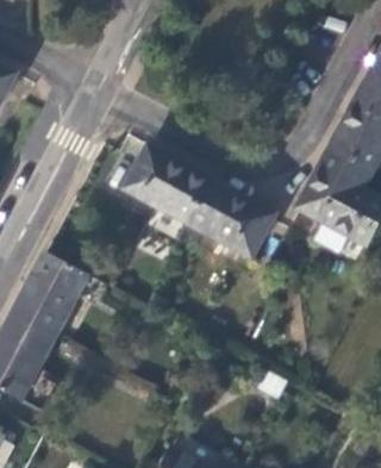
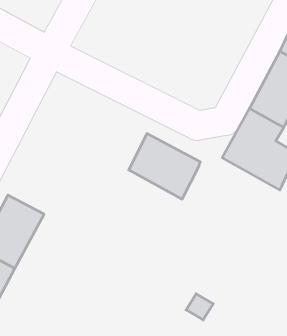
building: [125,148,208,224] -> none

